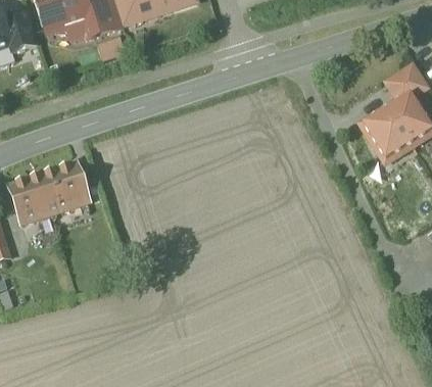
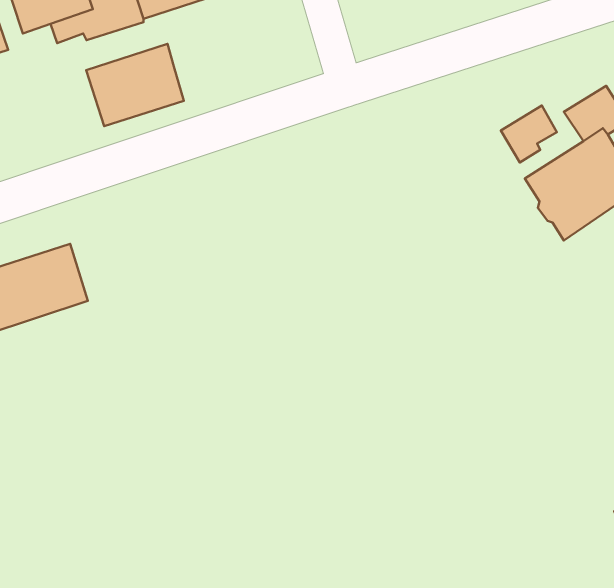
building: none -> [86,44,184,126]
building: none -> [501,105,557,162]

